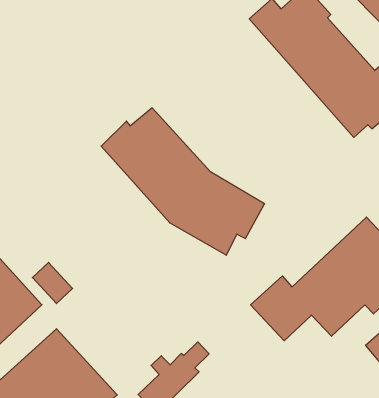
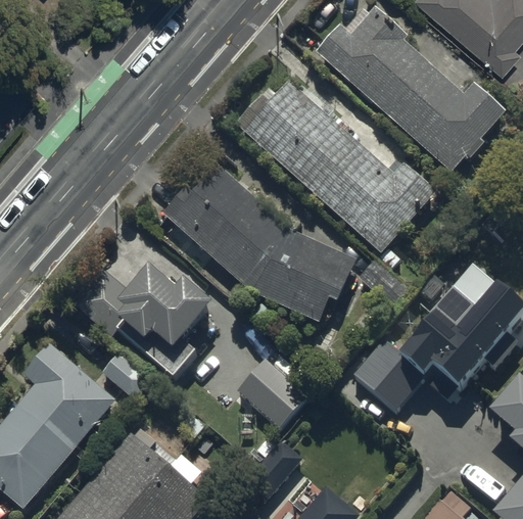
building: none -> [244,79,436,253]
building: none -> [73,263,212,376]
building: none -> [235,358,307,429]

